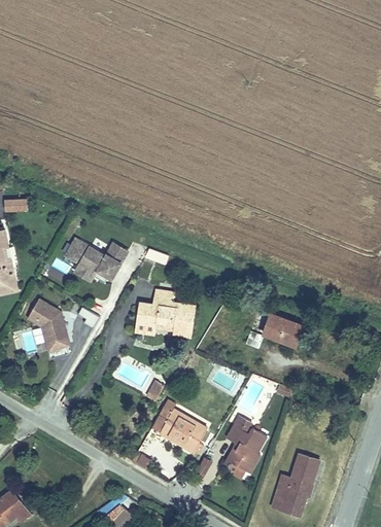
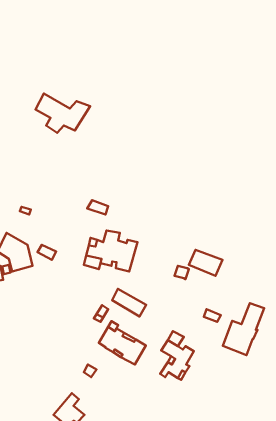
building: [64,231,131,279] -> [35,94,90,133]
building: none -> [112,289,146,317]
building: [271,454,321,518] -> [223,303,264,355]

